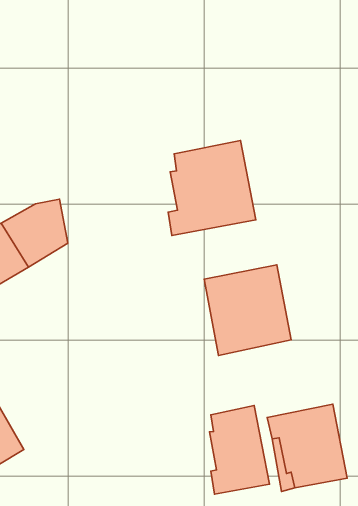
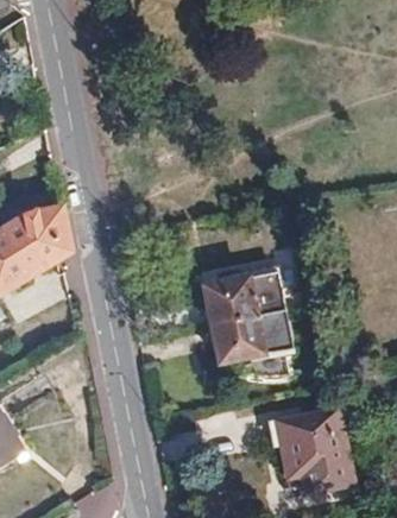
building: [168,141,256,235] -> none
building: [209,406,269,494] -> none

